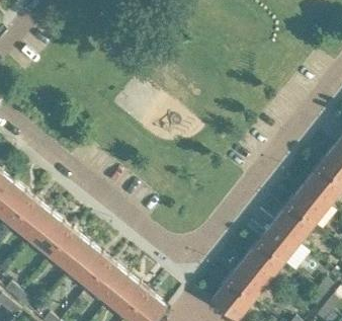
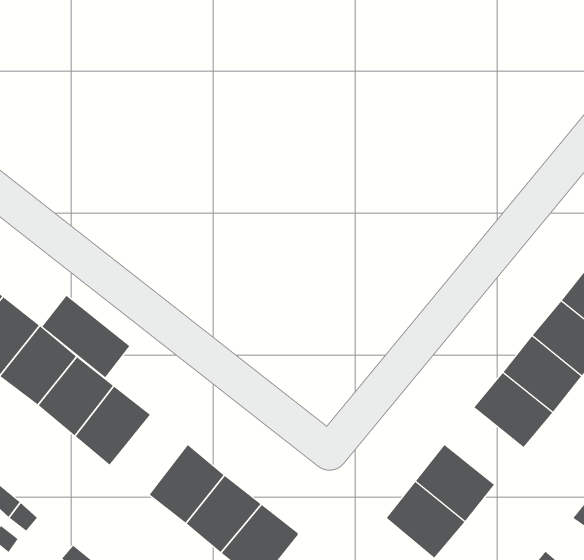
building: none -> [42,295,130,378]
building: [242,241,283,282] -> none
building: [68,245,108,287] -> none

